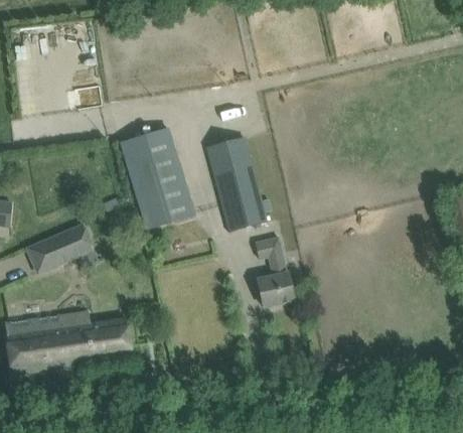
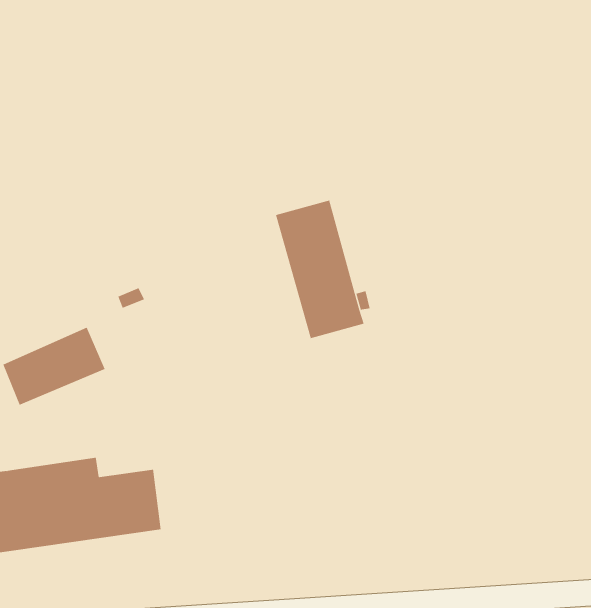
building: [121,130,193,231] -> none
building: [255,237,293,306] -> none

